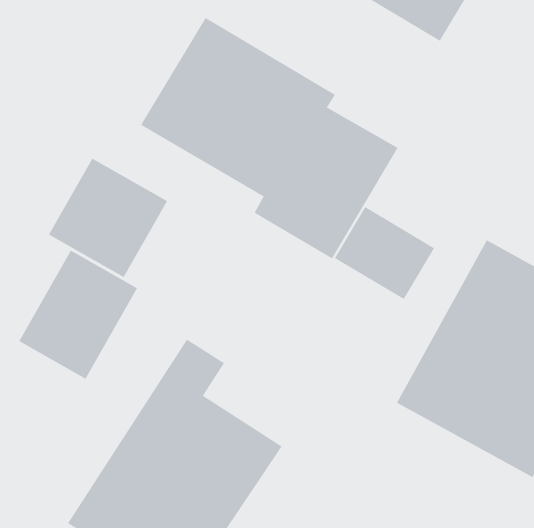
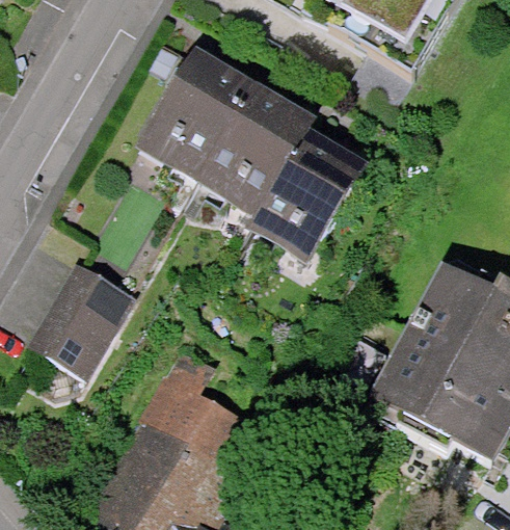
building: [48,158,168,278] -> none
building: [334,206,435,300] -> none

